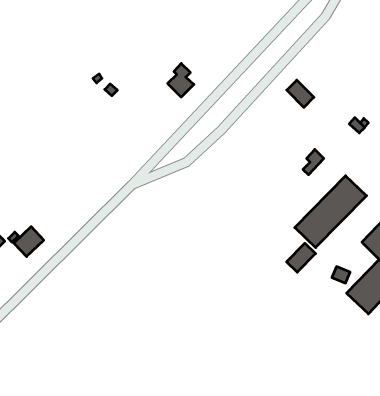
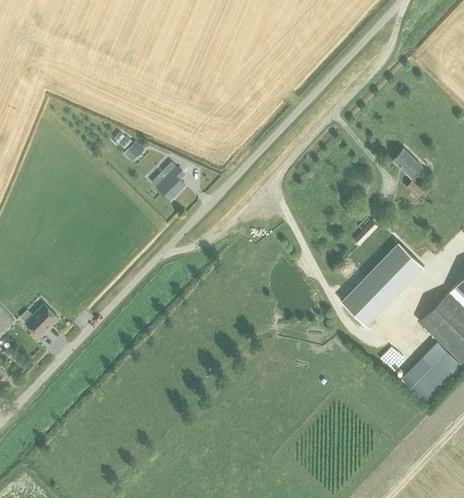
building: [168,63,194,97] -> [155,161,185,199]
building: [287,80,314,107] -> [391,147,422,178]
building: [287,243,316,272] -> none

